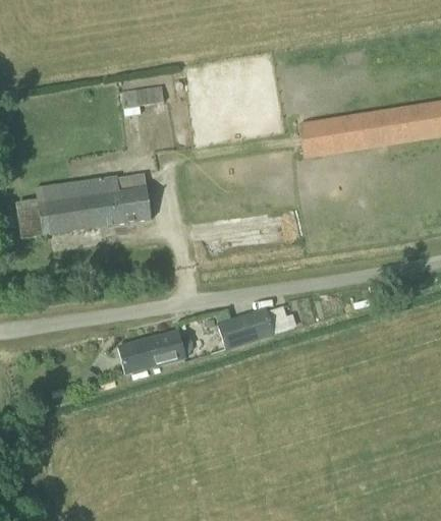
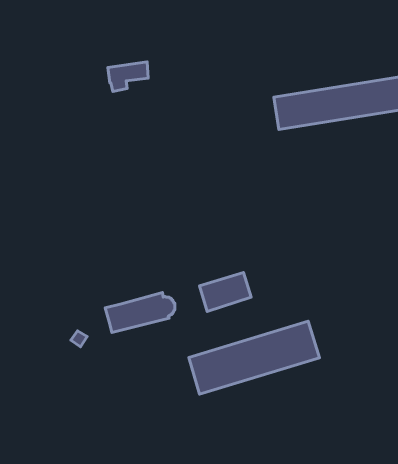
building: [17,174,152,238] -> none
building: none -> [189,321,320,394]

